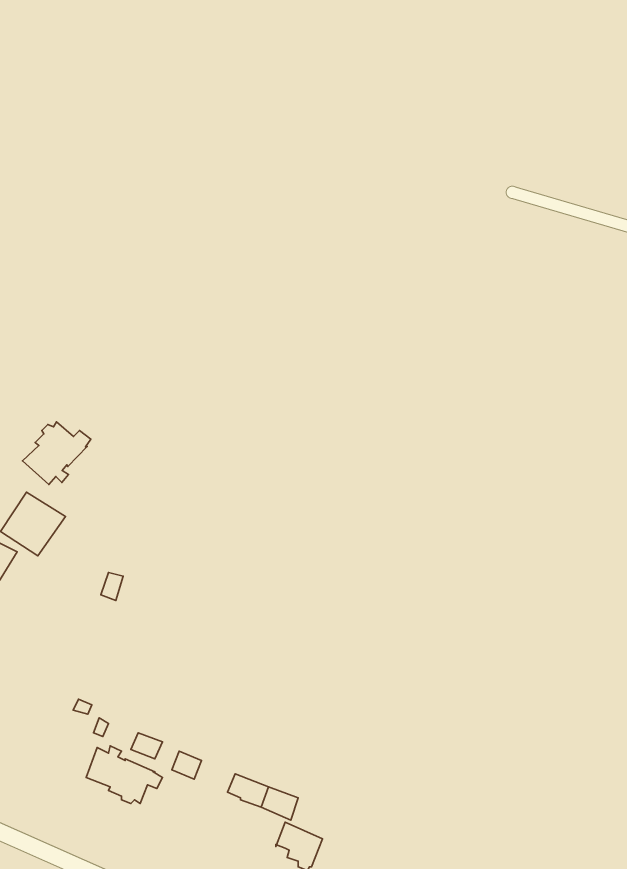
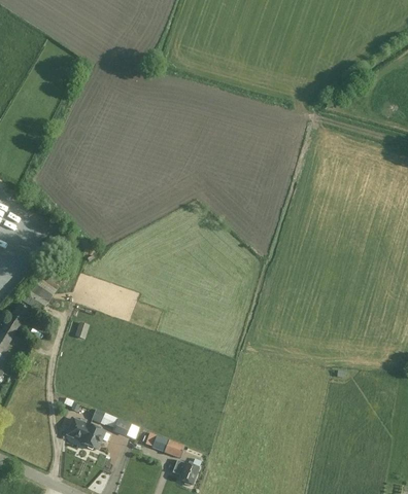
building: [22,422,91,485] -> none

